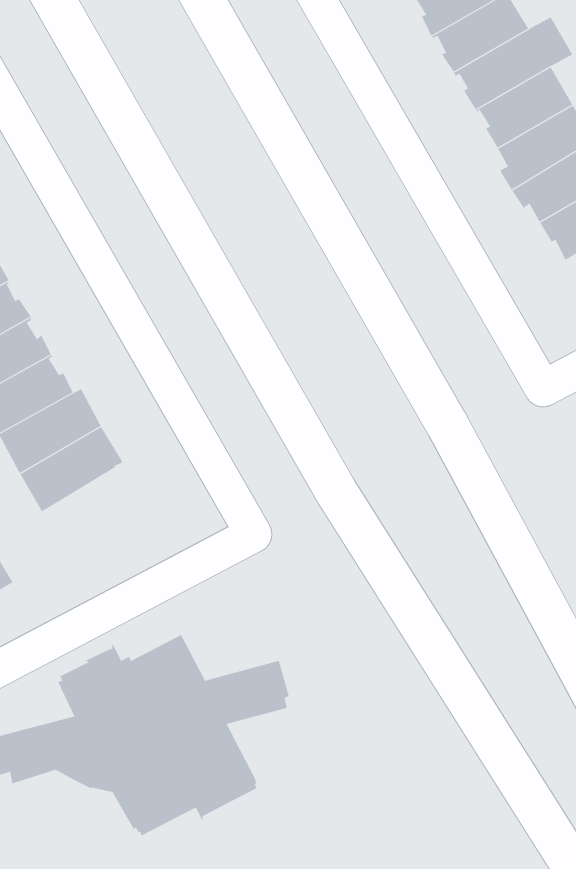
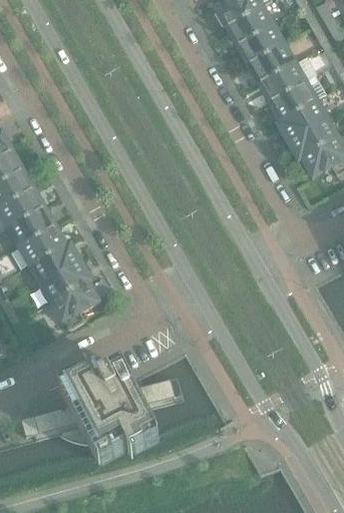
building: none -> [50,280,97,329]

